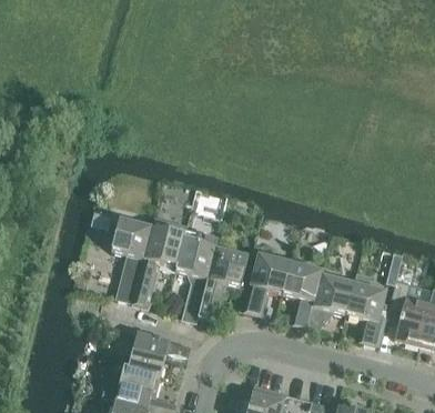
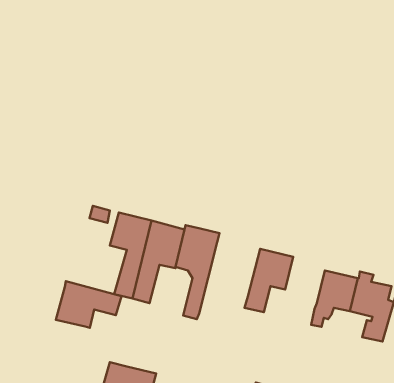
building: [198,246,247,321] -> none
building: [282,261,322,328] -> none
building: [127,331,191,376] -> [56,281,121,328]

